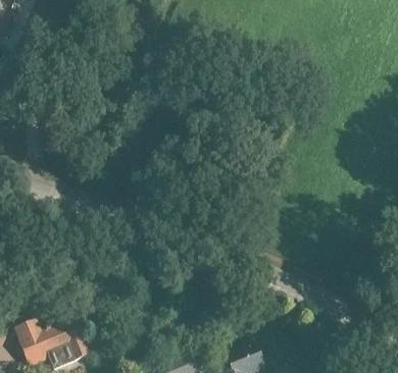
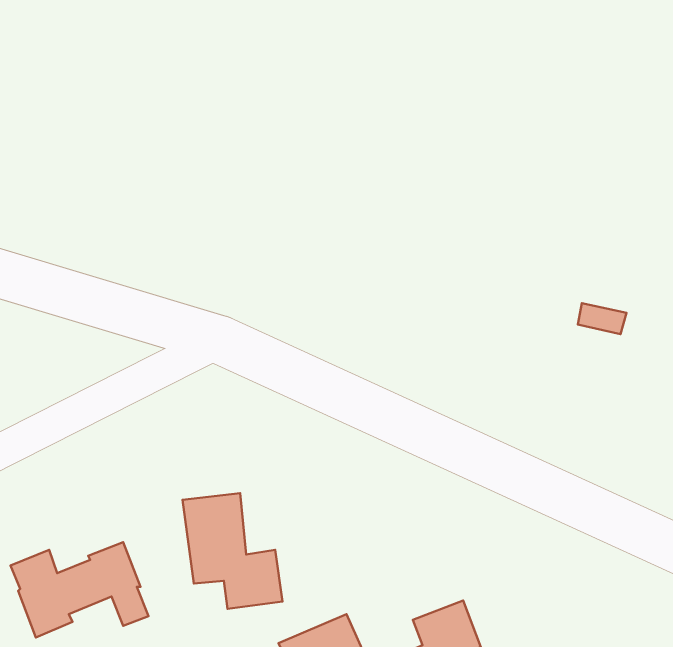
building: none -> [183,493,283,609]

